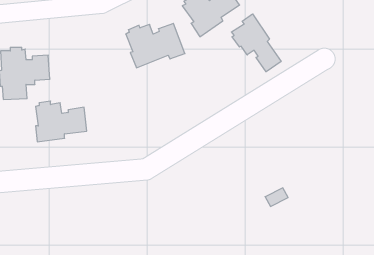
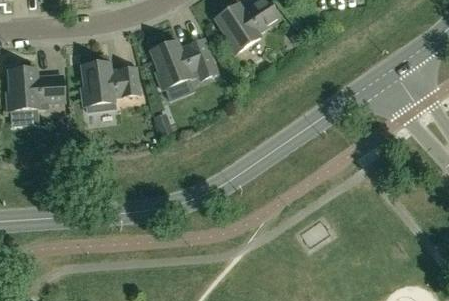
building: [231,14,281,72] -> none
building: [36,101,87,142] -> [81,59,139,105]

